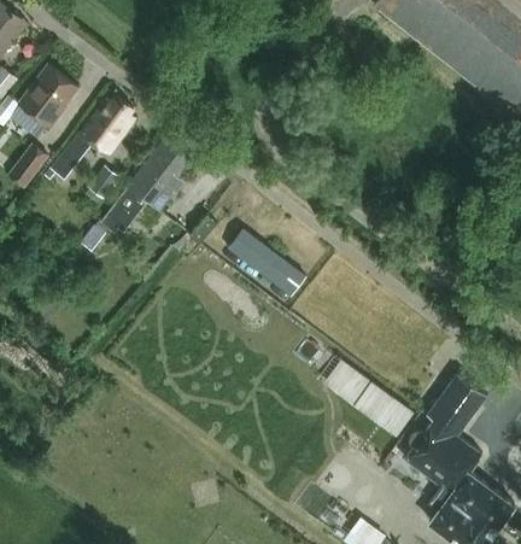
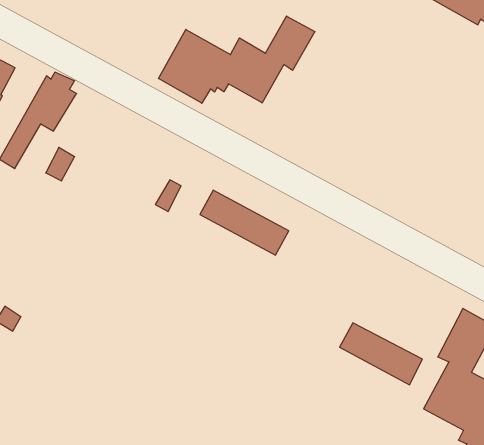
building: none -> [159,16,315,103]
building: [82,135,189,250] -> none

